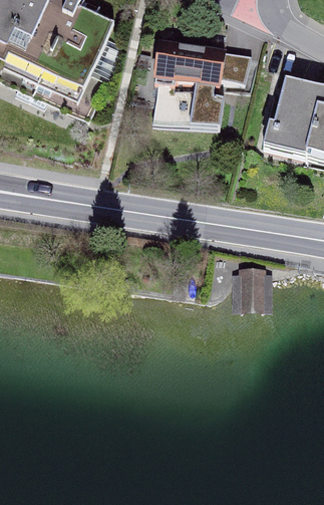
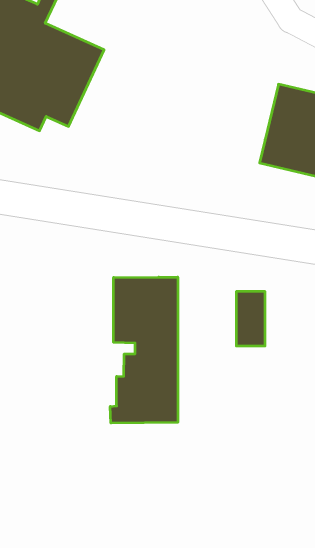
building: [151,38,258,123] -> none
building: none -> [110,277,178,423]

